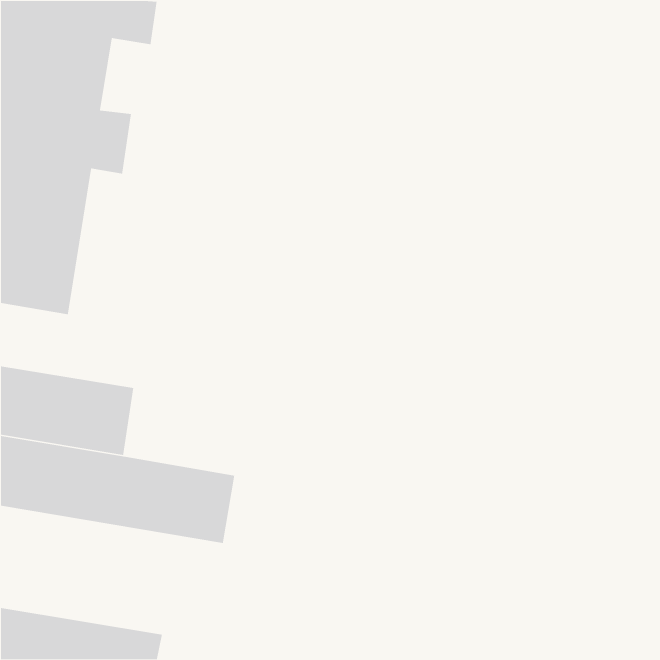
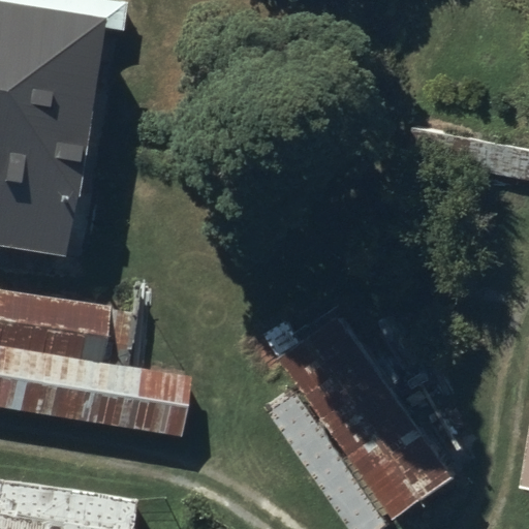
building: none -> [286,311,459,515]

